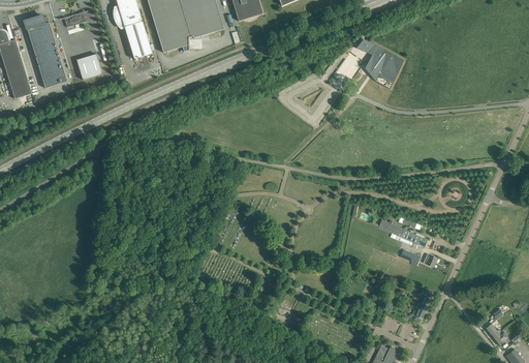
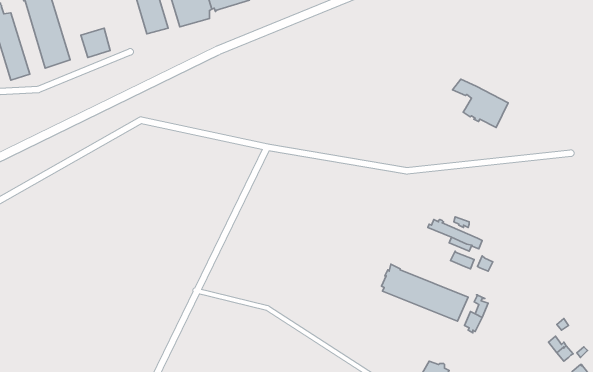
building: [354,38,403,81] -> [453,79,508,128]
building: none -> [382,264,468,321]

